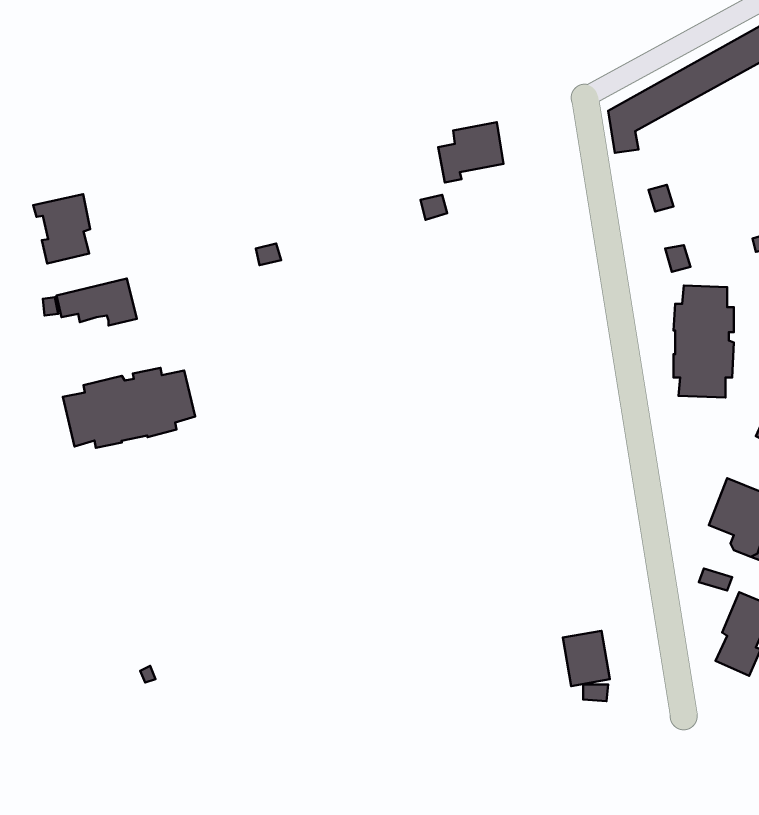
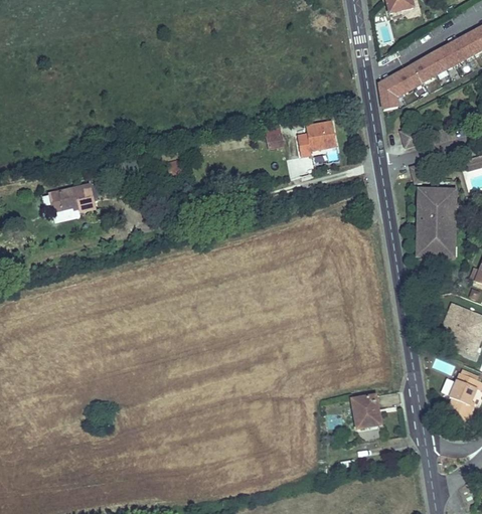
building: [438,122,504,182] -> [298,120,337,156]
building: [33,194,90,264] -> none
building: [63,368,195,448] -> none

